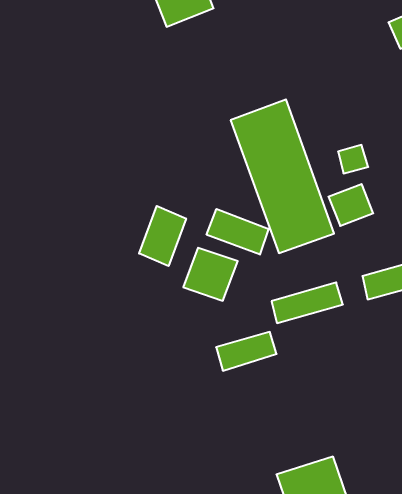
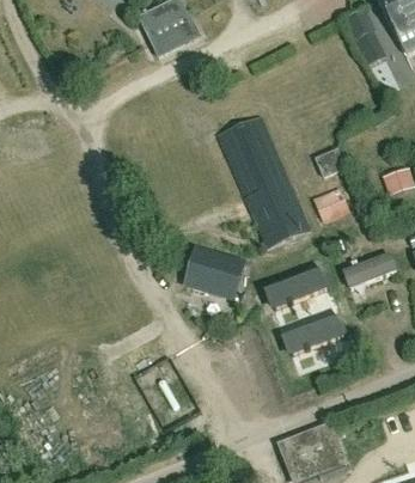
building: [139,206,186,266] -> none
building: [207,209,268,255] -> none
building: [216,332,277,371] -> [287,312,341,349]

